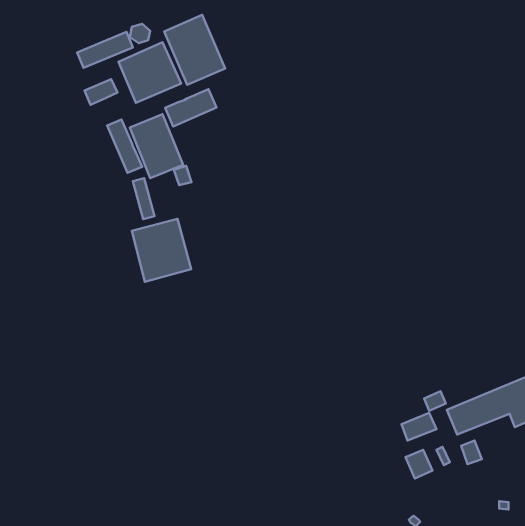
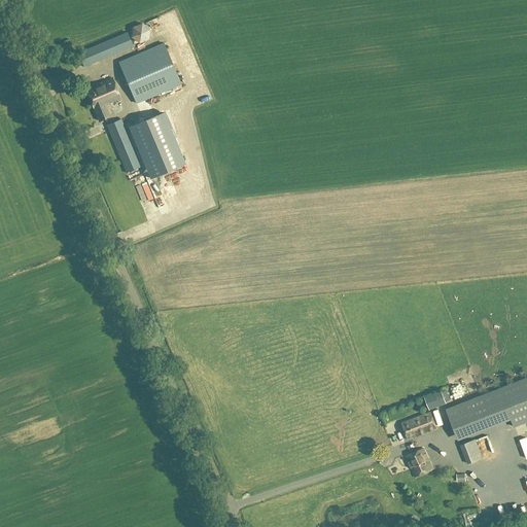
building: [164,15,225,85] -> none
building: [165,89,217,126] -> none
building: none -> [92,93,121,121]
building: [132,219,191,282] -> none

